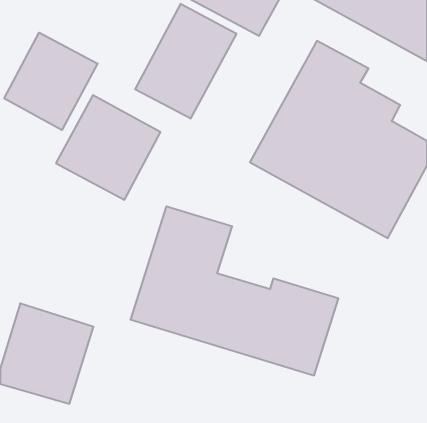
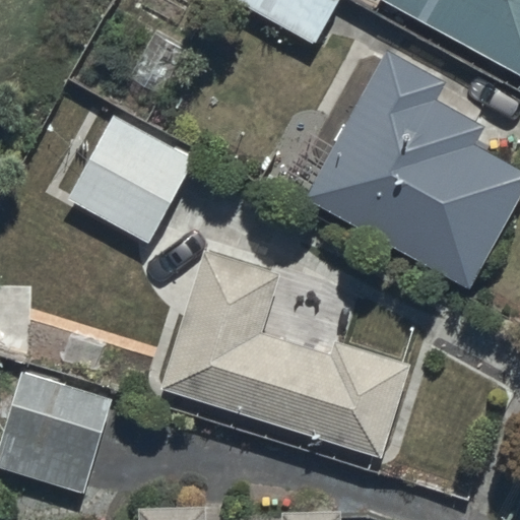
building: [135,4,236,119] -> none
building: [4,33,98,130] -> none

